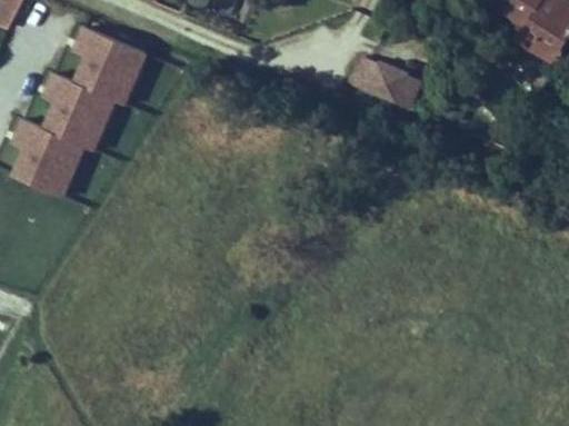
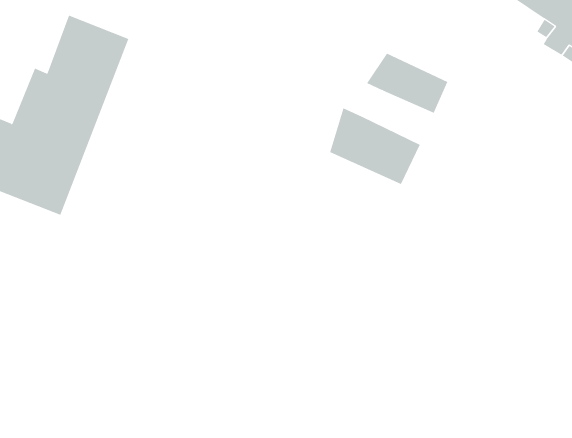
building: none -> [330,108,420,185]

